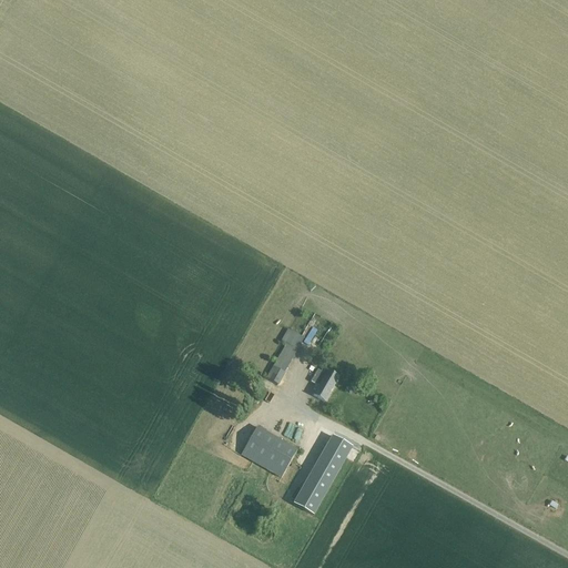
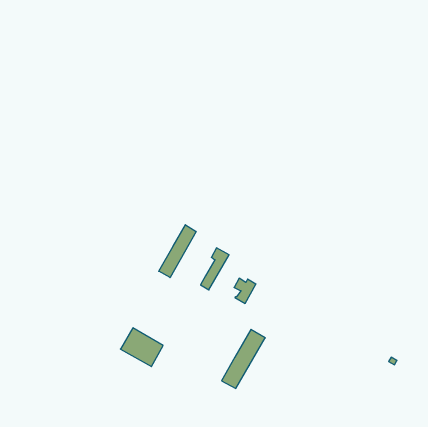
building: none -> [159,225,196,278]
building: [240,425,296,476] -> [120,328,163,367]

